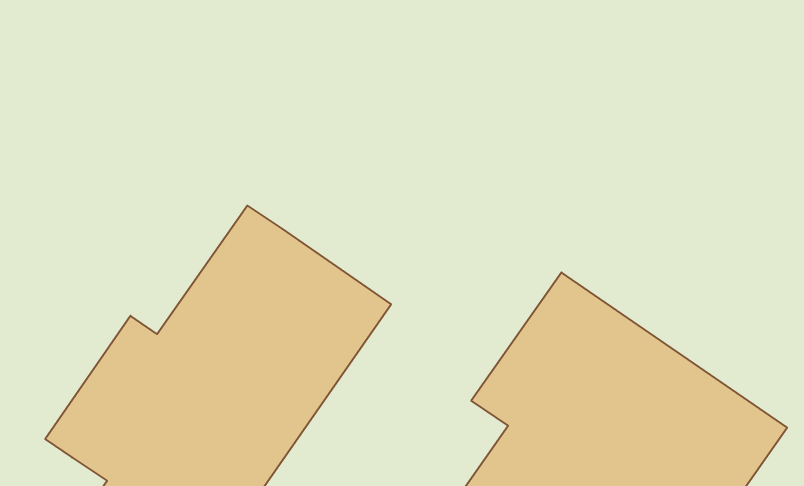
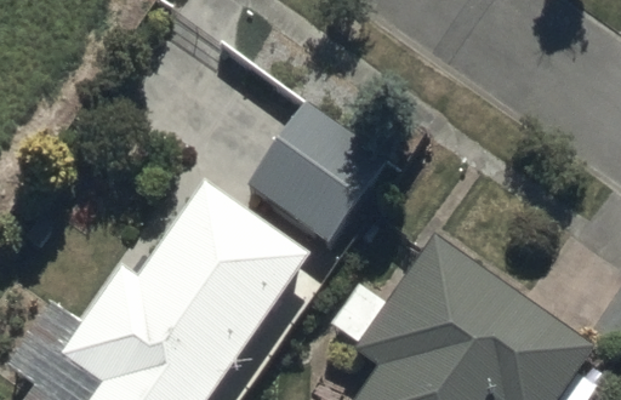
building: none -> [249,99,388,240]

